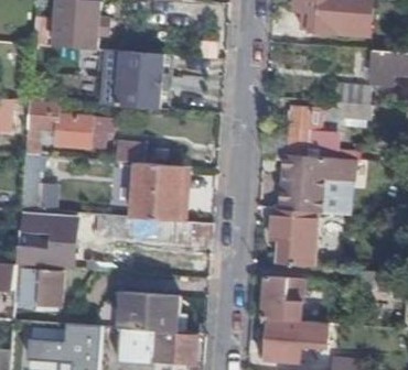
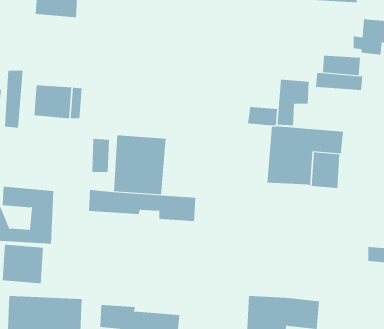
building: [99,50,171,110] -> none
building: [270,208,319,266] -> none
building: [261,278,302,320] -> none
building: [118,292,176,328] -> none

